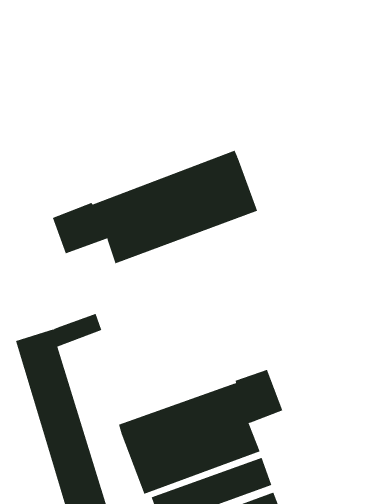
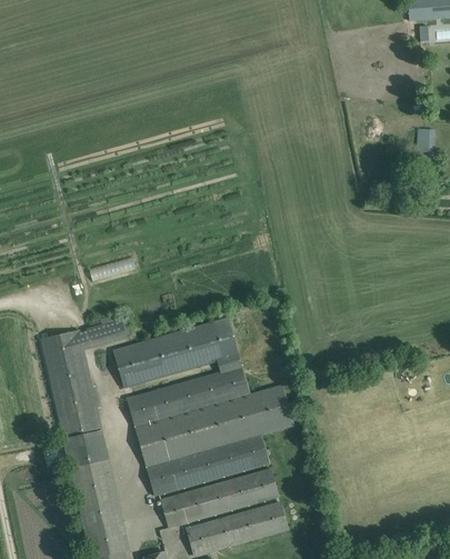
building: [52,150,258,264] -> none
building: none -> [112,317,250,427]

